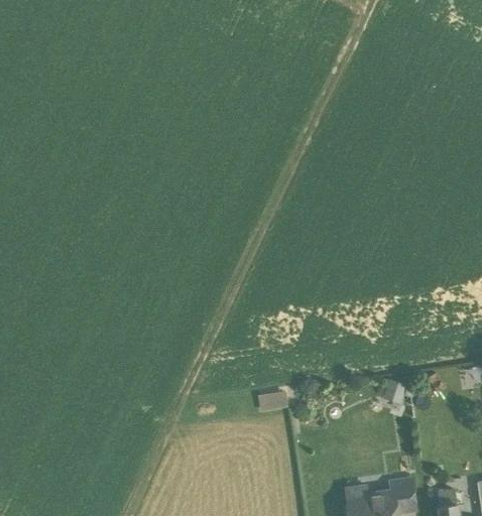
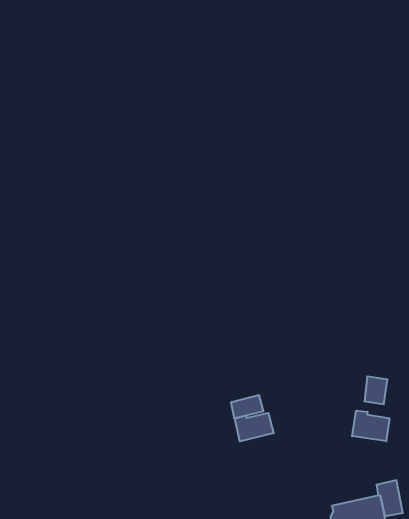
building: none -> [235,413,274,441]
building: none -> [352,411,389,441]

